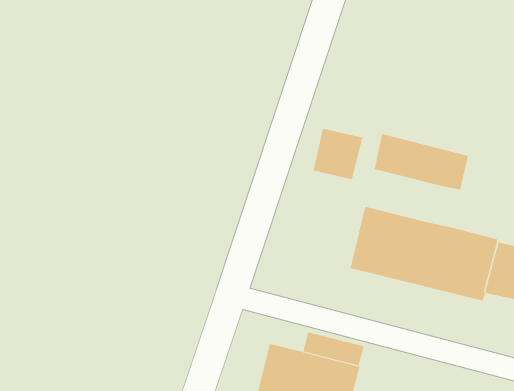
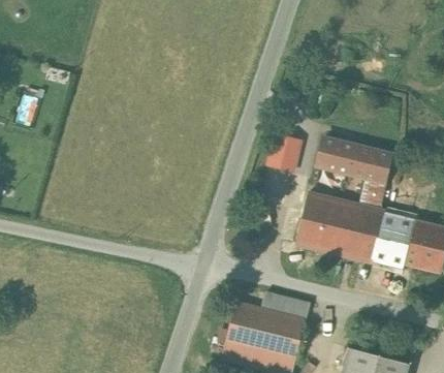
building: none -> [359,178,385,211]

